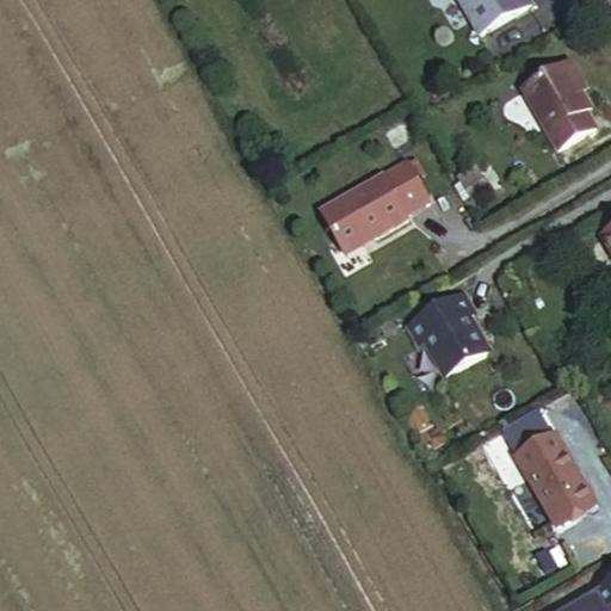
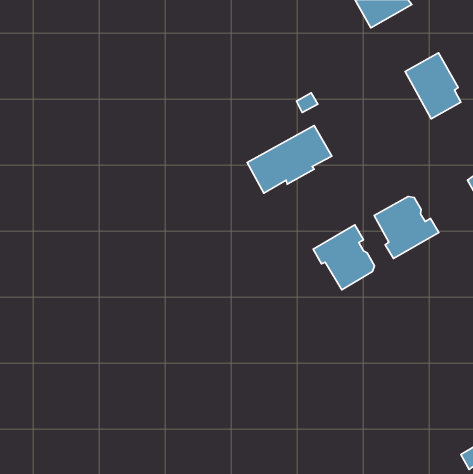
building: none -> [374,197,439,259]
building: [514,427,593,519] -> none

